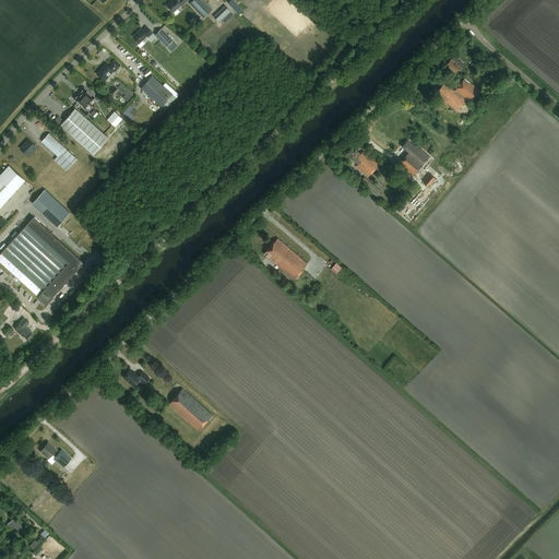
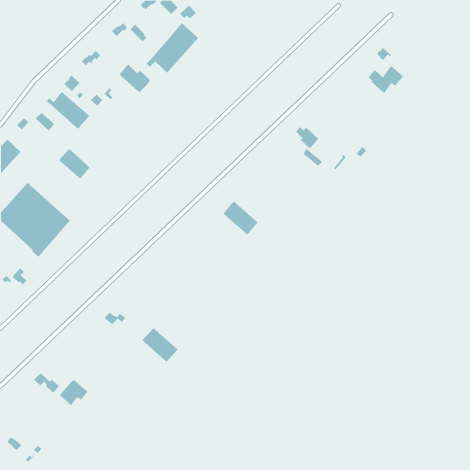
building: none -> [146,23,199,74]
building: [399,140,430,176] -> none
building: [31,190,69,227] -> [58,148,90,180]
building: none -> [59,379,88,406]

